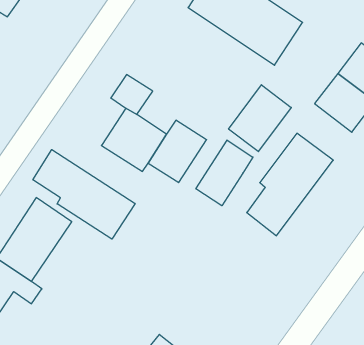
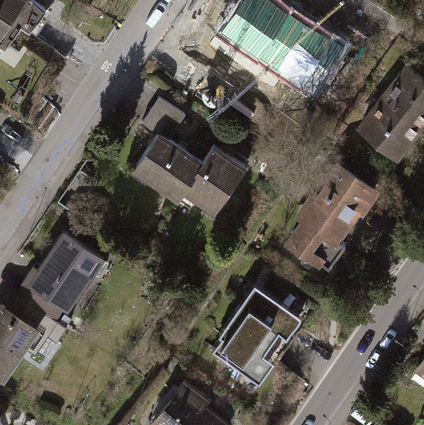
building: [229,85,291,152] -> none
building: [196,140,253,206] -> none
building: [33,150,135,239] -> none
building: none -> [214,285,303,382]

